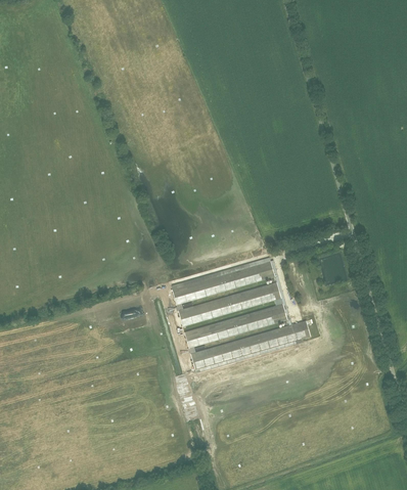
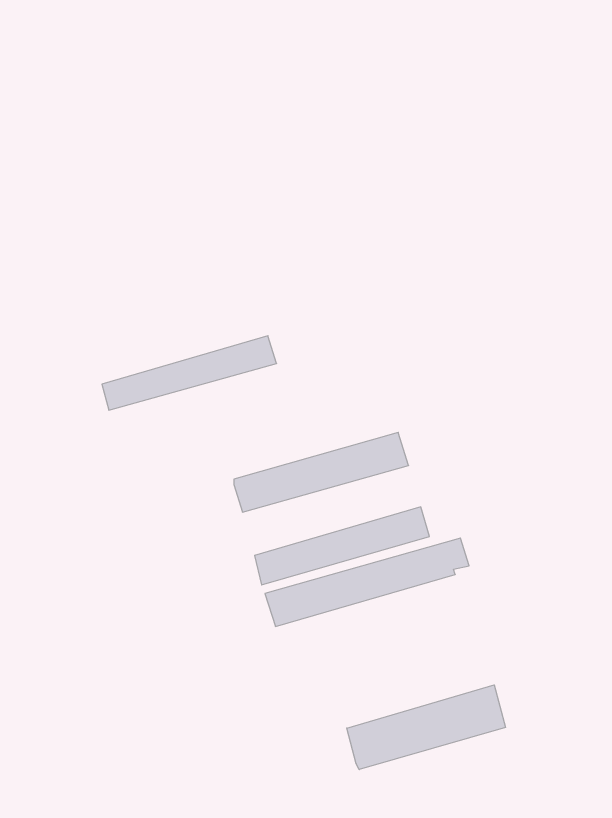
building: [178,280,281,324] -> [102,336,277,410]
building: none -> [347,685,506,770]

